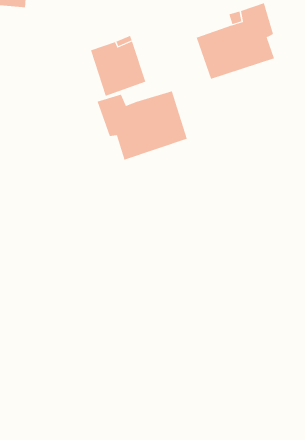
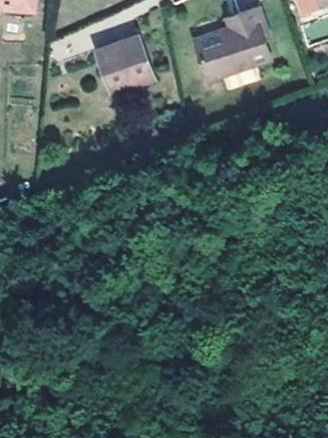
building: [97,90,188,160] -> none

